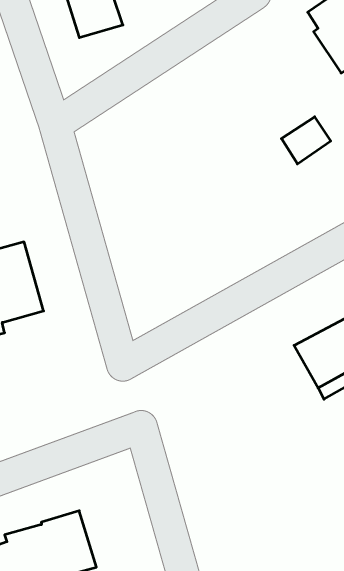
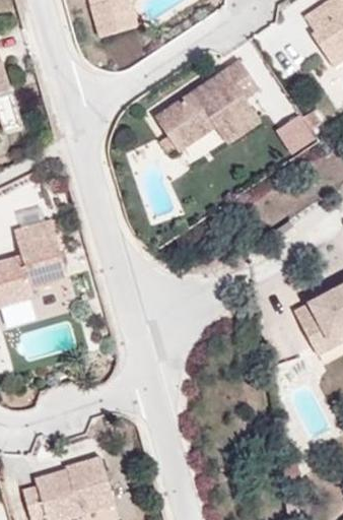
building: none -> [154,58,264,152]

